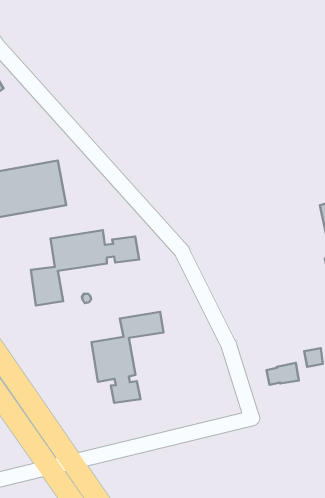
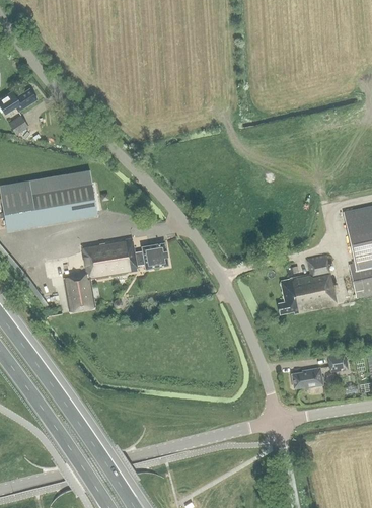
building: none -> [278,253,338,313]
building: [91,312,164,403] -> none

